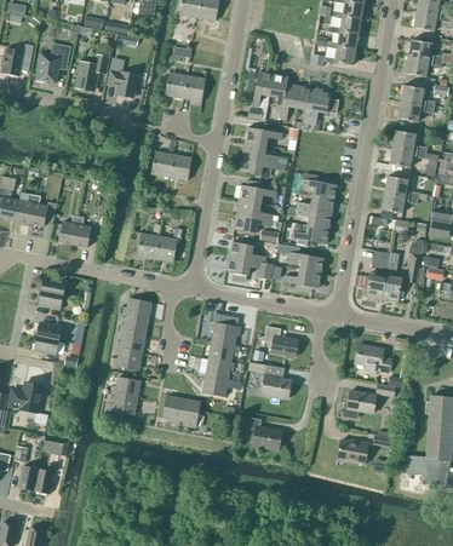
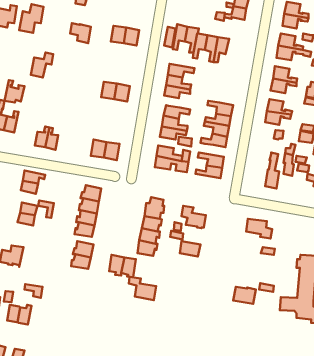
building: [76,54,108,90] -> [31,52,53,77]
building: [29,194,57,225] -> [5,80,24,102]
building: [366,249,390,298] -> none
building: [343,390,377,418] -> none
building: [243,416,282,449] -> [129,277,156,300]

